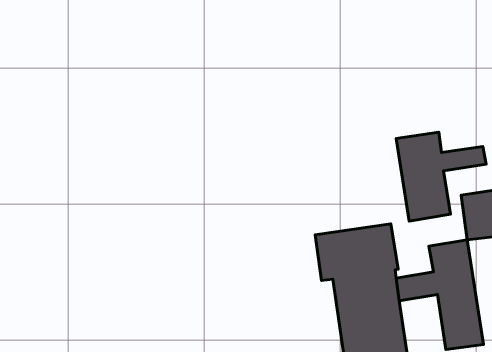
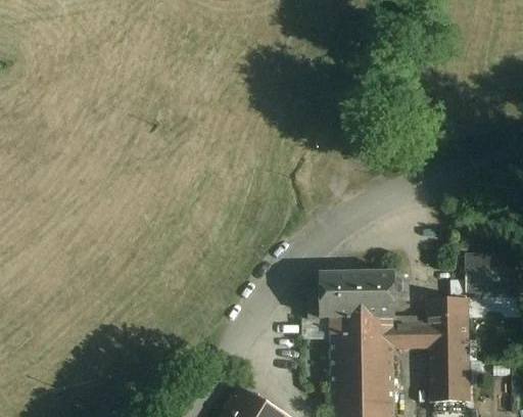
building: [396,132,486,221] -> none

